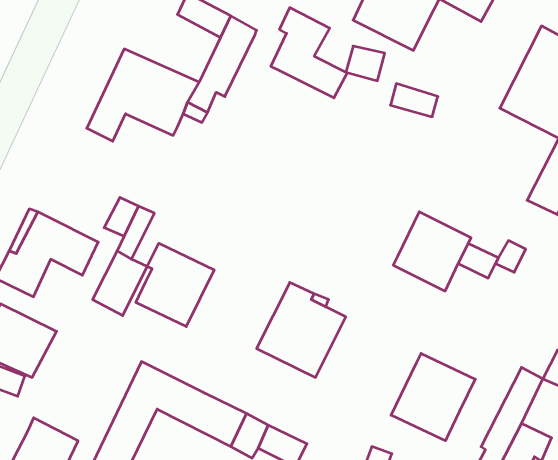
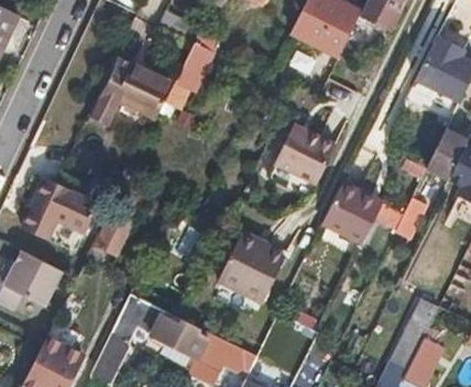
building: [271,8,347,98] -> none
building: none -> [277,124,336,183]
building: [136,243,214,327] -> none
building: [391,353,475,441] -> none

